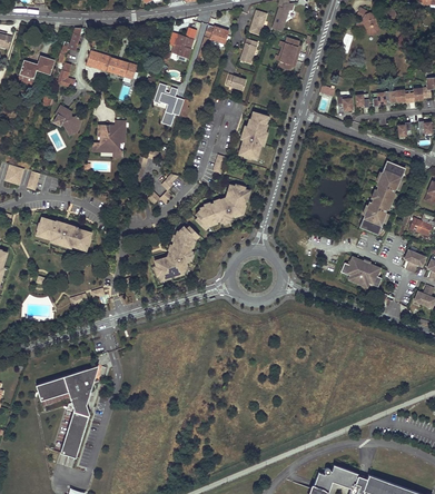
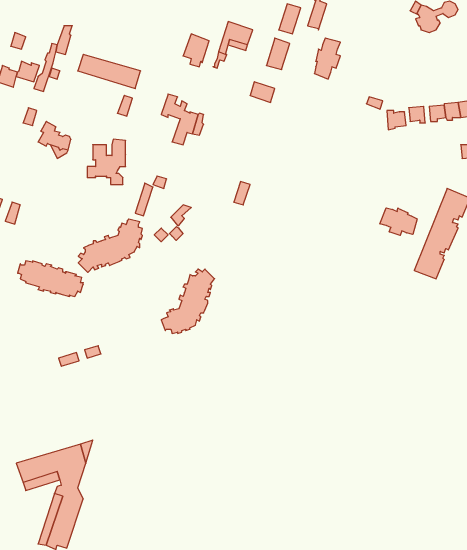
building: [240,112,267,158] -> none
building: none -> [380,208,417,235]
building: [195,185,247,228] -> [78,219,142,272]
building: [340,257,382,286] -> none

